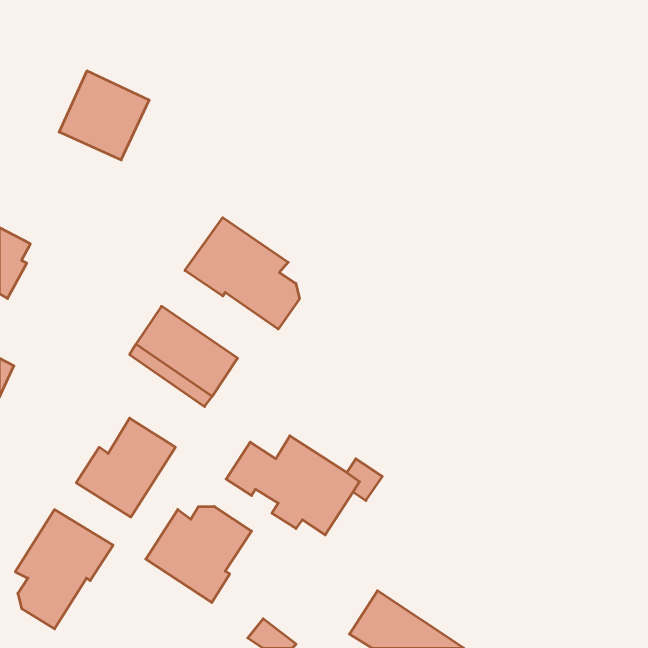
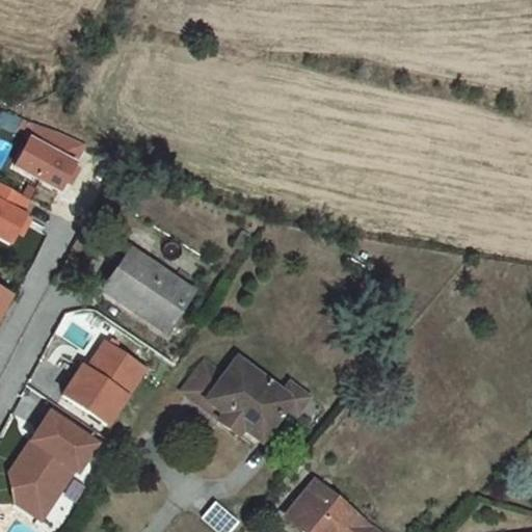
building: [59,71,149,160] -> [14,123,87,195]
building: [185,218,299,329] -> none
building: [146,506,252,603] -> none

